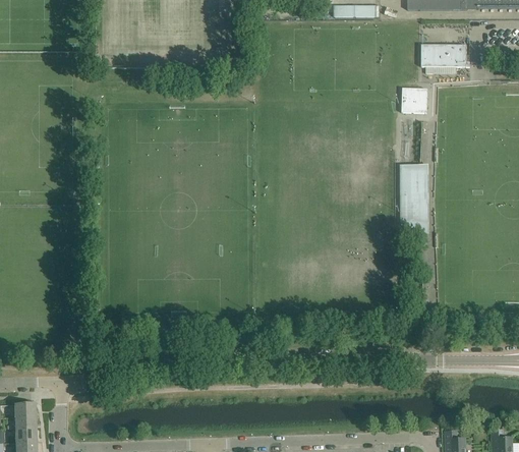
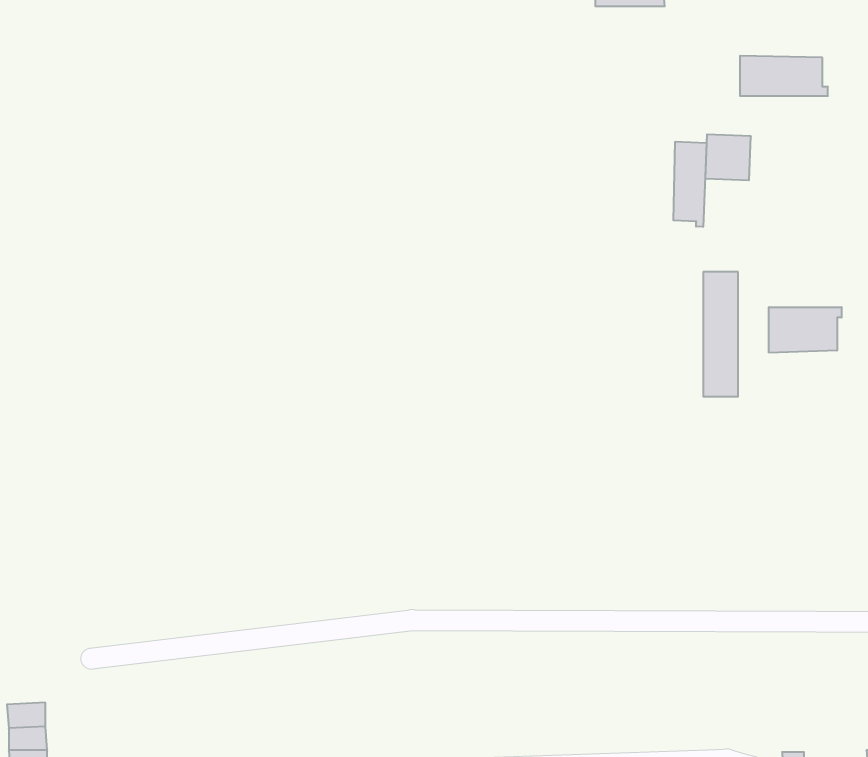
building: none -> [673,142,707,227]
building: none -> [769,307,842,353]

